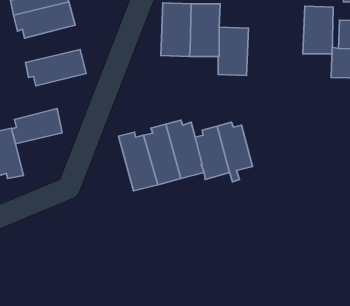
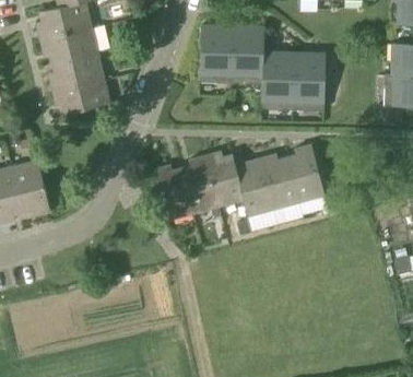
building: [303,6,333,54] -> [292,51,324,103]
building: [12,108,62,144] -> [48,50,103,89]
building: none -> [286,143,326,205]

